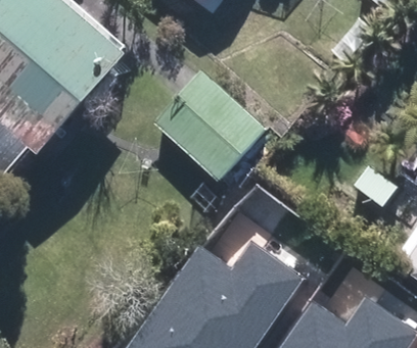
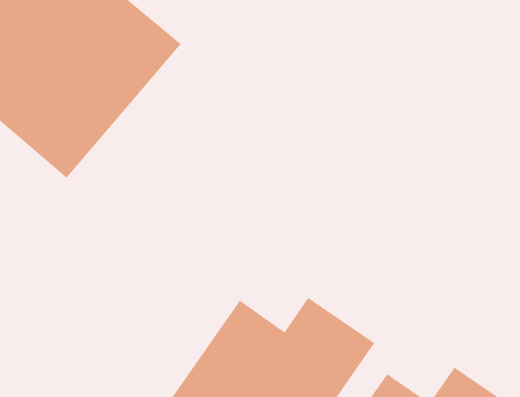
building: [159,71,274,185] -> none

